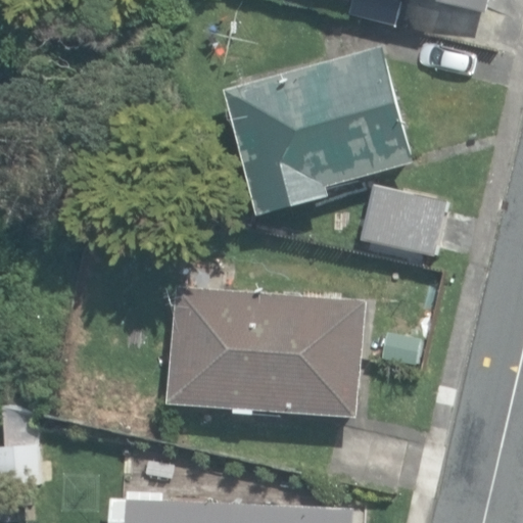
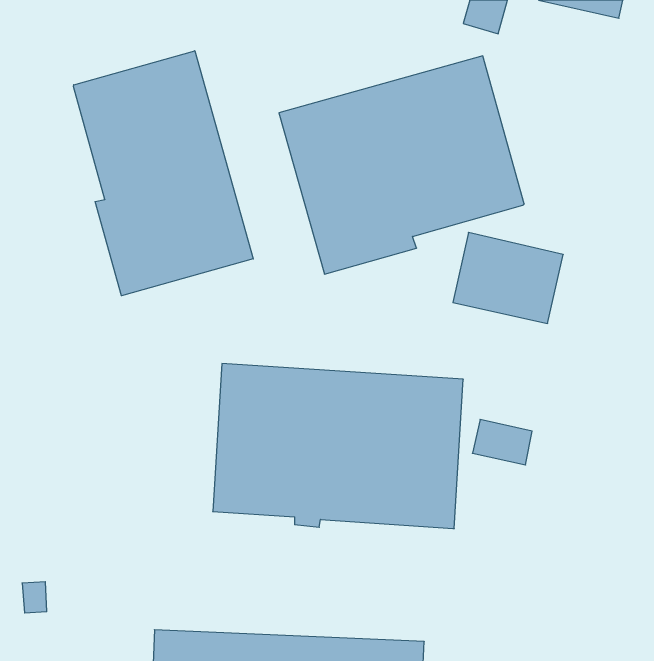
building: none -> [73,51,253,296]

